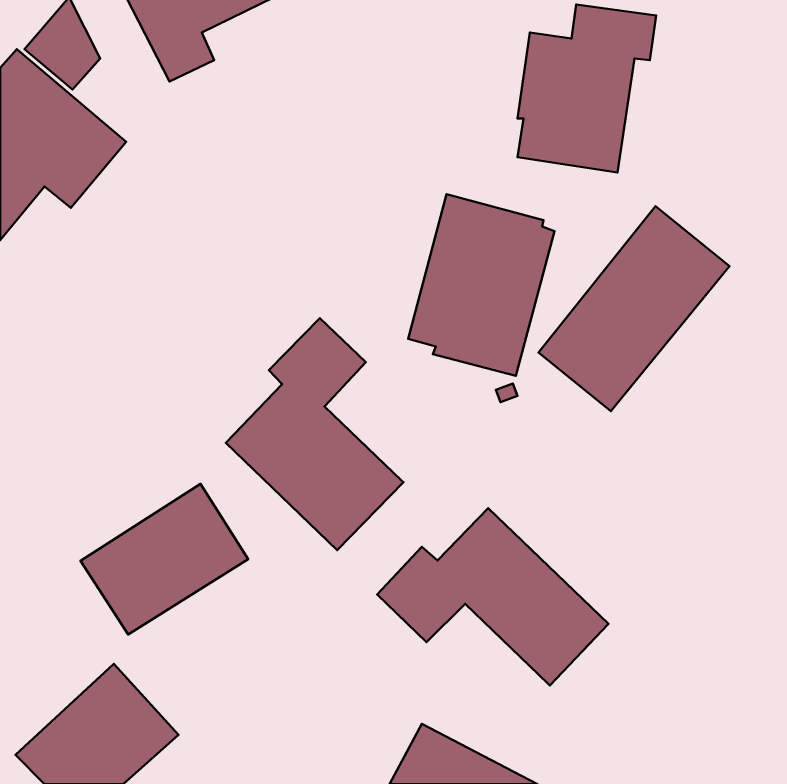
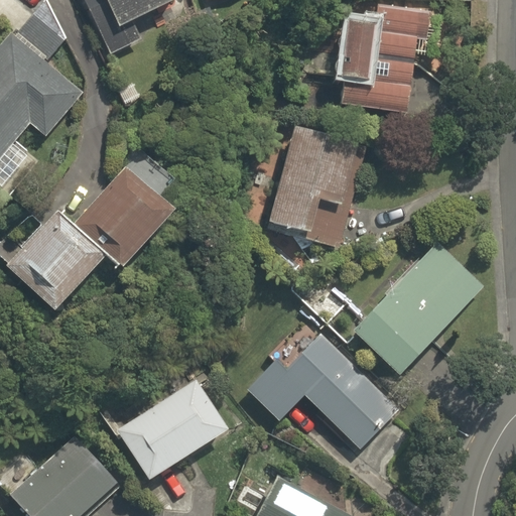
building: [538,206,729,411] -> [360,248,485,382]
building: none -> [5,167,173,310]
building: [226,318,403,550] -> none
building: [80,484,248,635] -> [117,379,227,478]

